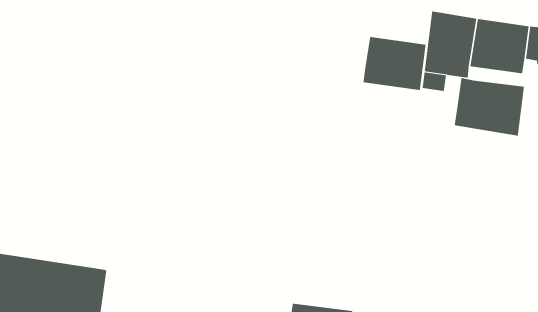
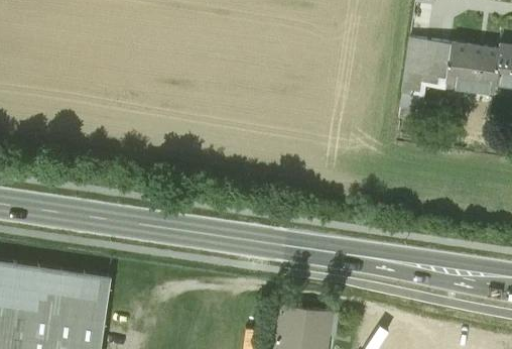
building: [363,36,426,91] -> none
building: [454,77,524,136] -> none

